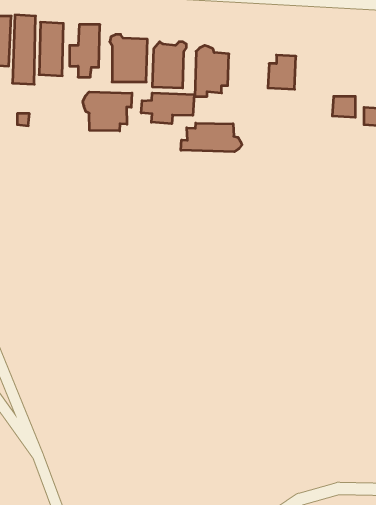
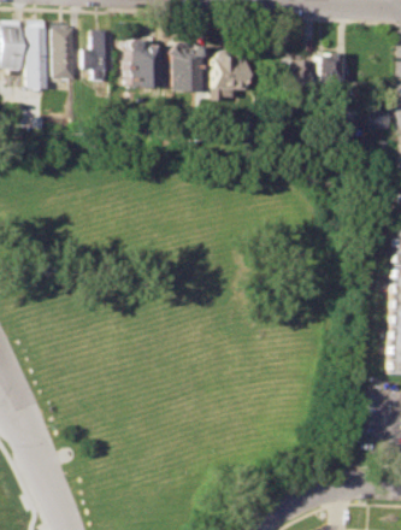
building: none -> [320,51,347,93]
building: [83,92,132,131] -> none
building: [141,93,194,124] -> none
building: [181,123,242,152] -> none

